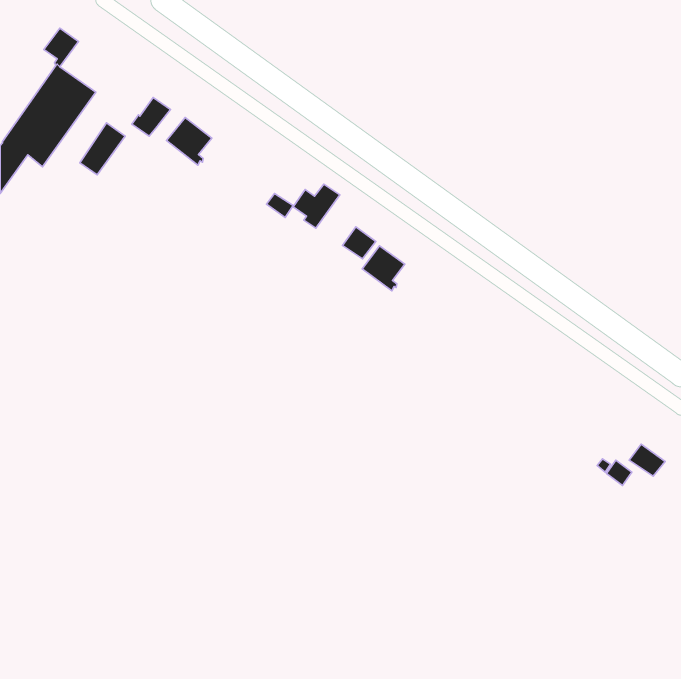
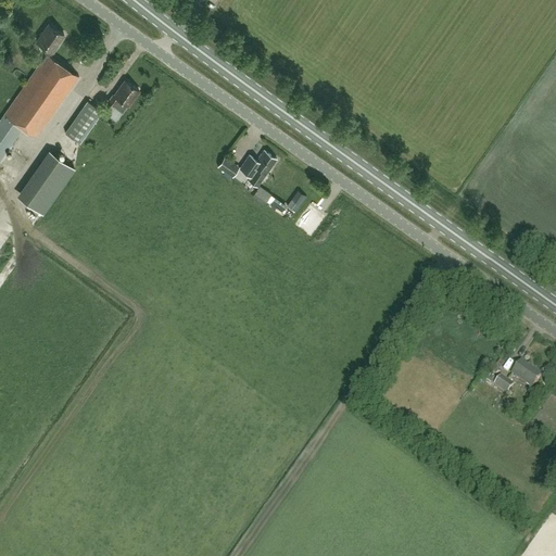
building: [167,117,212,165] -> none
building: none -> [22,150,75,212]
building: [362,246,405,291] -> none

